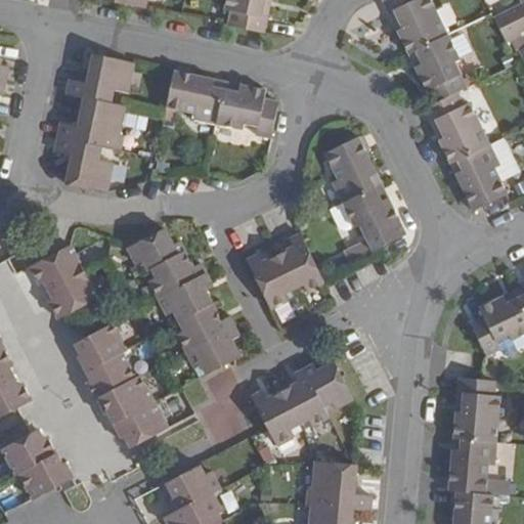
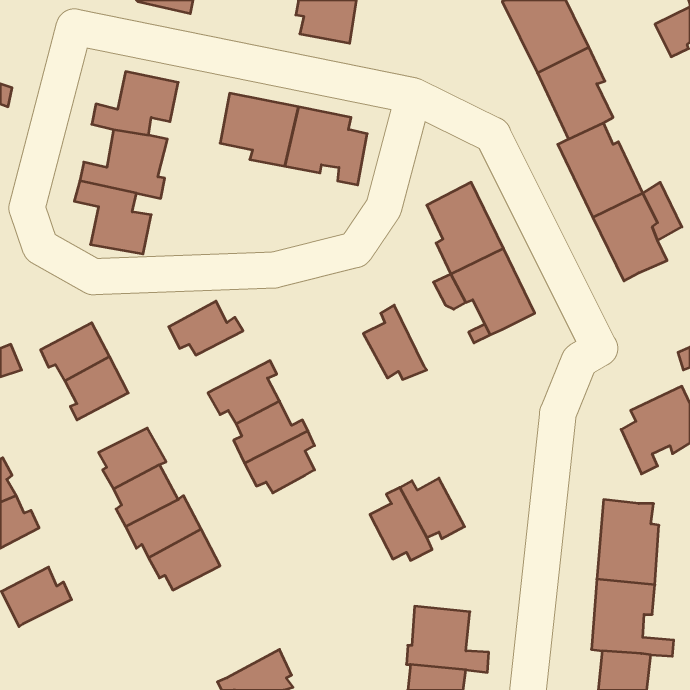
building: [148,251,205,298] -> none
building: [246,253,294,308] -> none
building: [251,390,298,444] -> none
building: [17,454,72,500] -> none
building: [166,465,219,514] -> none

